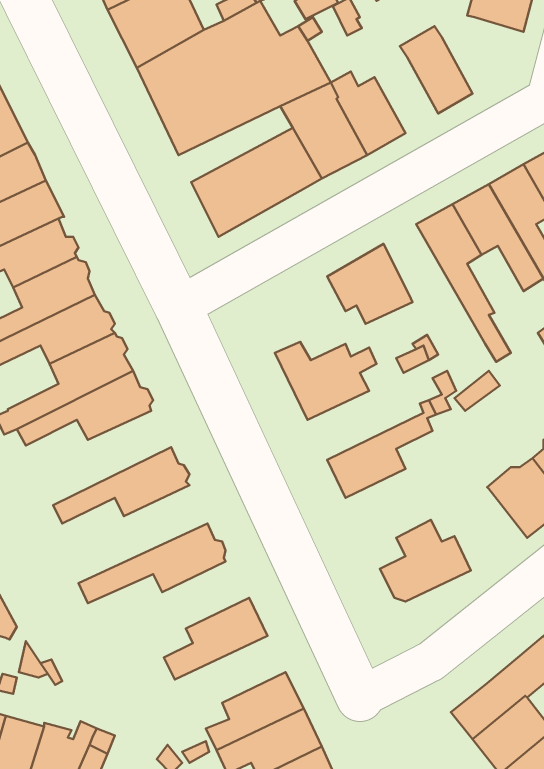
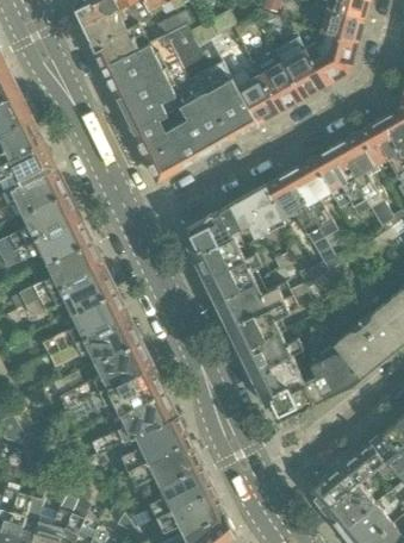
building: none -> [303,36,356,86]
building: none -> [259,62,300,112]
building: none -> [130,94,205,144]
building: none -> [265,171,331,255]
building: none -> [184,206,240,261]
building: none -> [215,281,291,326]
building: none -> [42,294,125,356]
building: none -> [240,332,302,398]
building: none -> [52,343,149,407]
building: none -> [306,345,359,399]
building: none -> [91,393,176,455]
building: none -> [128,442,200,486]

